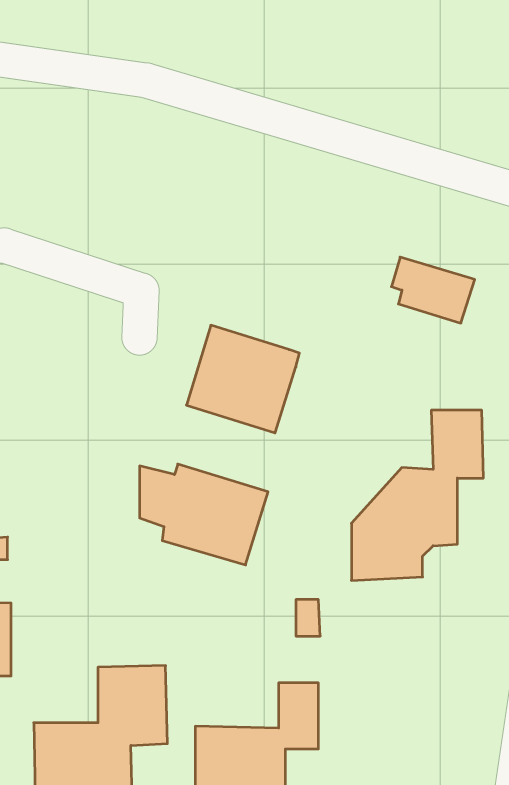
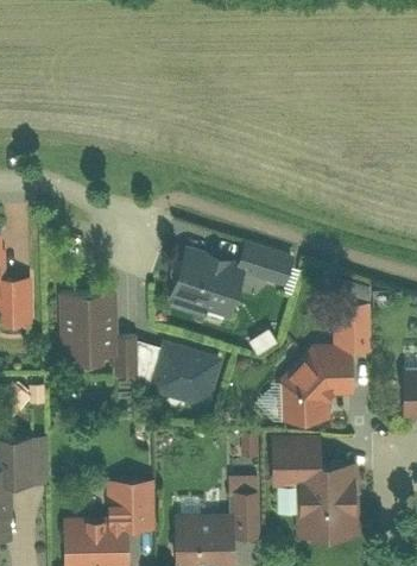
building: [391,257,475,323] -> [238,243,295,288]
building: none -> [59,294,135,378]
building: none -> [270,438,356,537]

